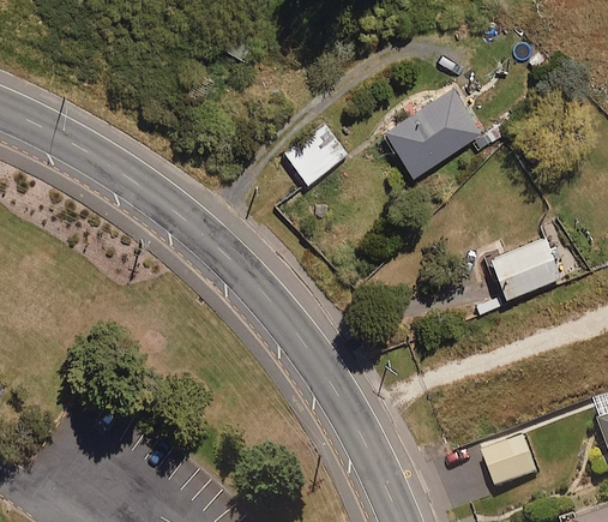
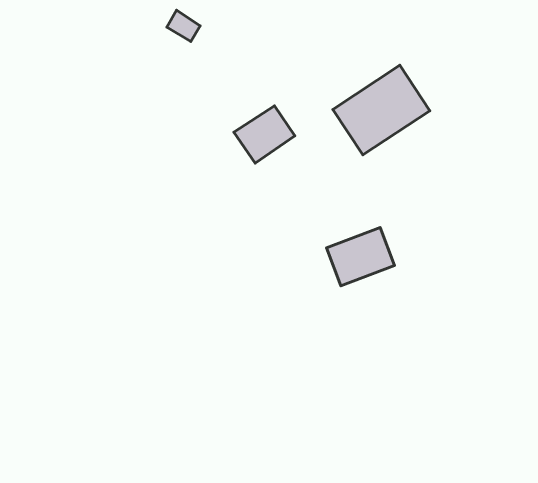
building: [492,239,560,298] -> [326,227,395,286]
building: [483,440,537,491] -> none

